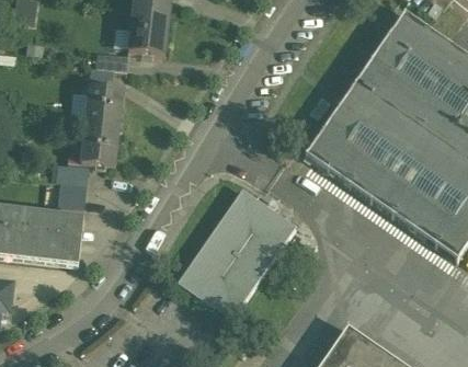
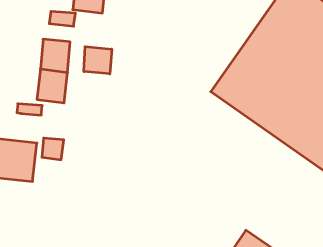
building: none -> [84,47,112,74]
building: [61,180,89,207] -> [42,138,64,160]
building: [179,187,294,317] -> none

